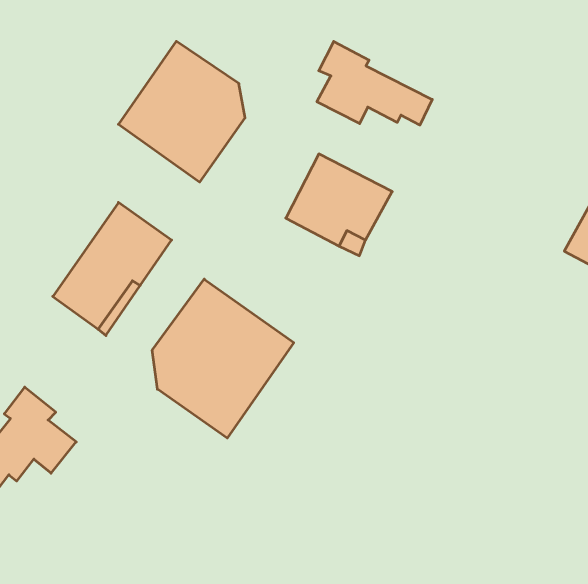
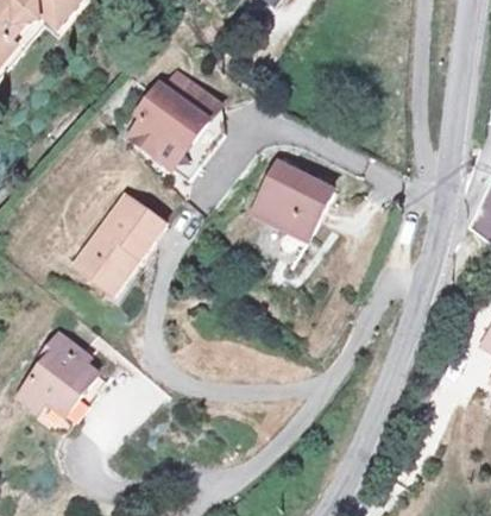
building: [317,41,432,125] -> none
building: [152,279,294,438] -> none

